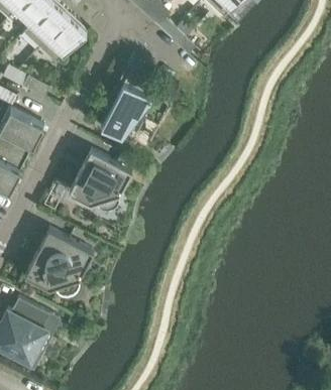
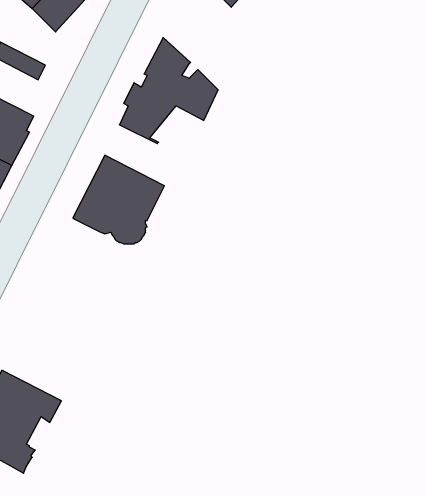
building: [24,228,93,294] -> none

